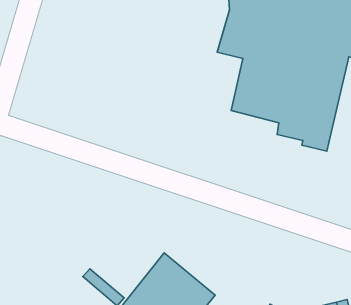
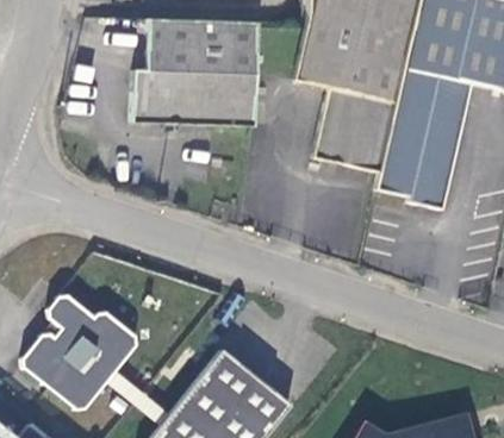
building: none -> [132,17,261,125]
building: none -> [21,298,137,409]

